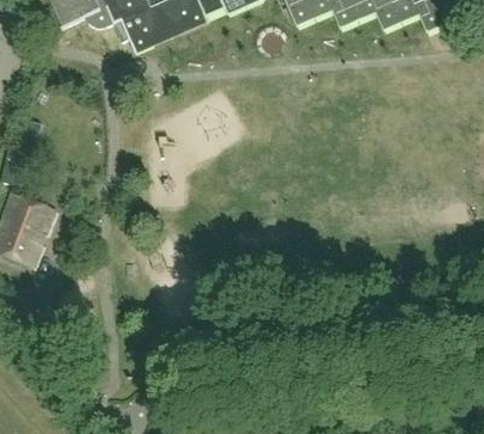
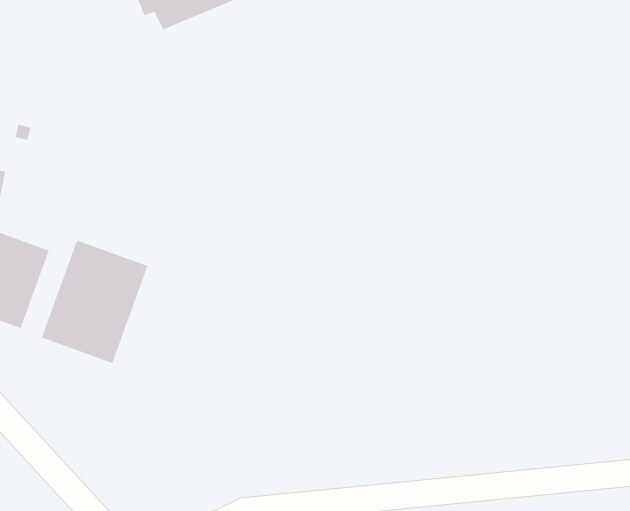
building: none -> [41,239,149,364]

